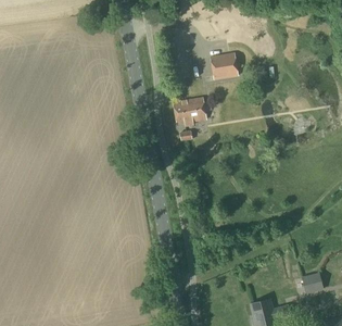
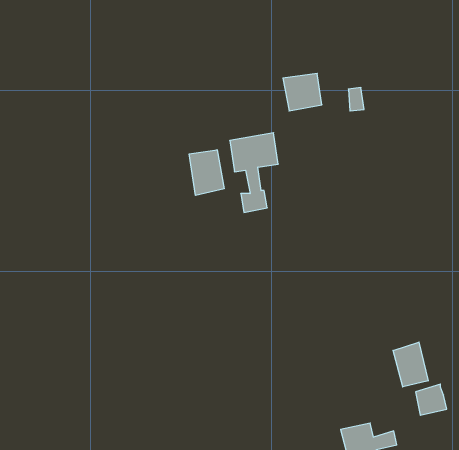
building: none -> [189,150,224,195]
building: none -> [393,342,428,387]

